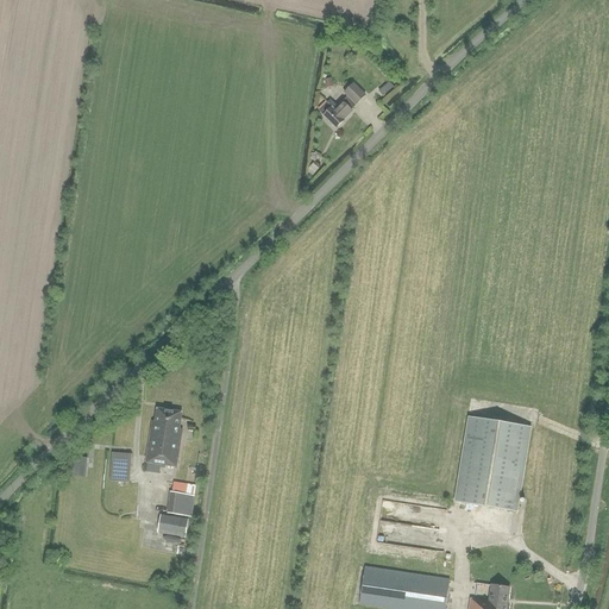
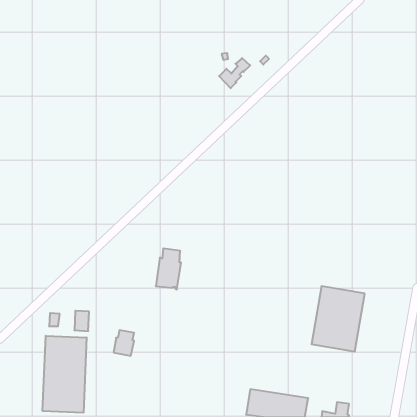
building: [145,408,182,467] -> [156,249,181,289]
building: none -> [43,336,87,413]
building: [157,514,188,536] -> none

